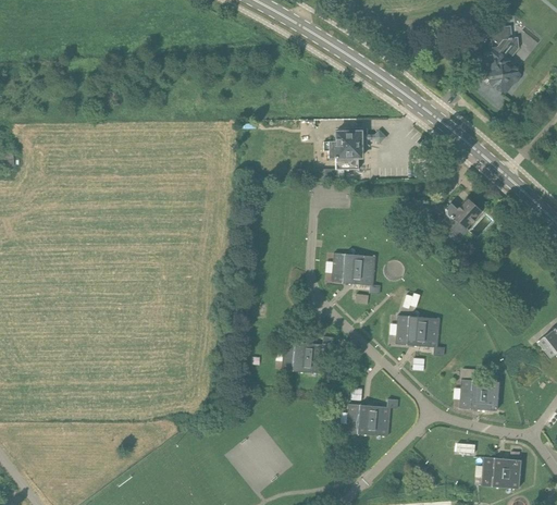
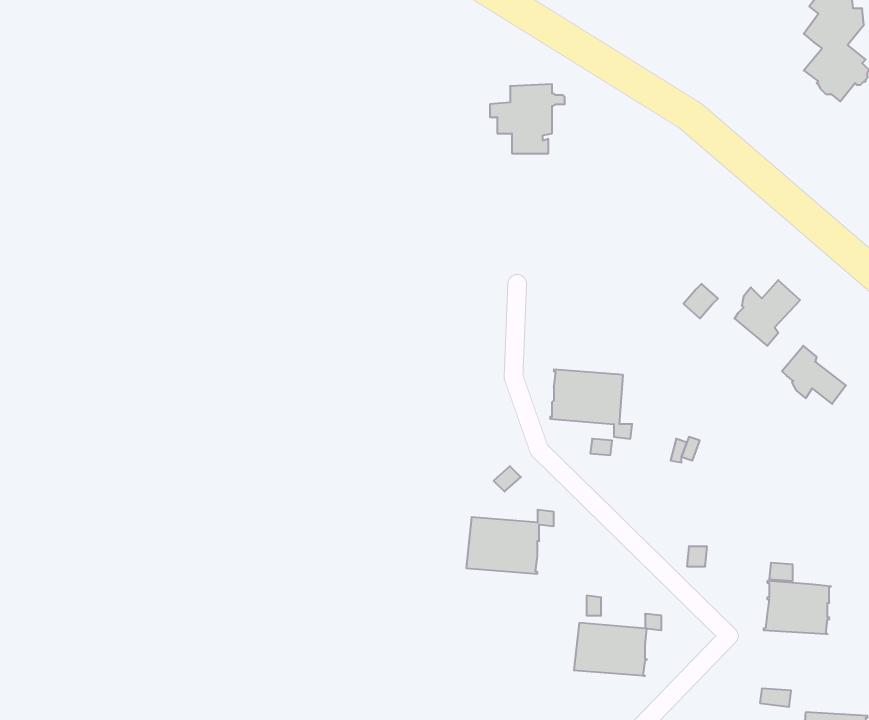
building: [324,127,369,169] -> [490,84,565,153]
building: none -> [782,346,846,404]
building: [396,315,445,356] -> none

